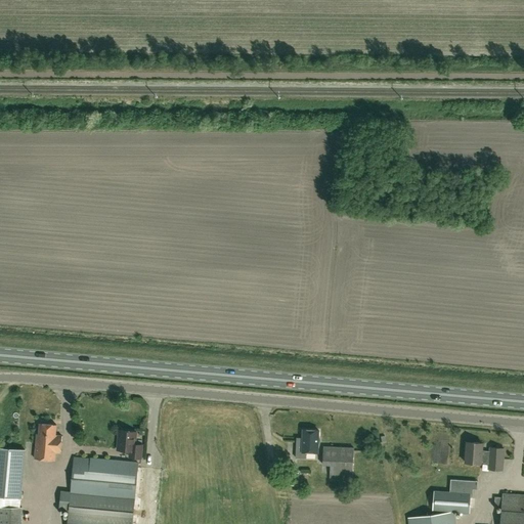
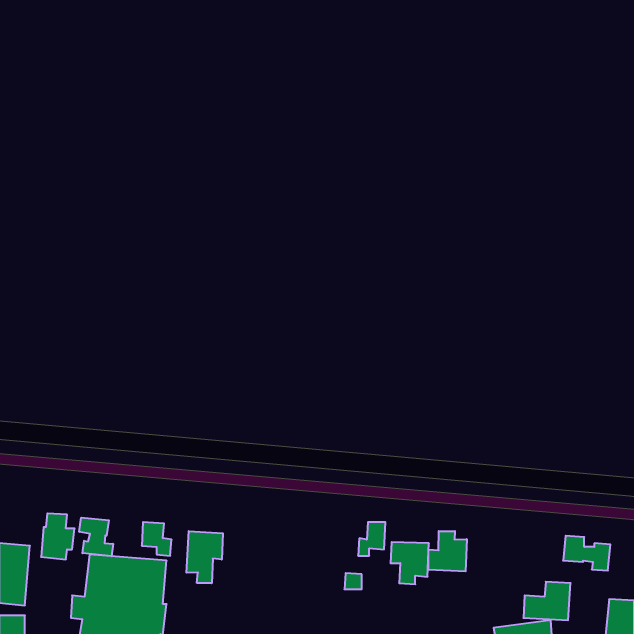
building: none -> [79,518,113,556]
building: none -> [428,531,467,571]
building: none -> [186,531,223,583]

